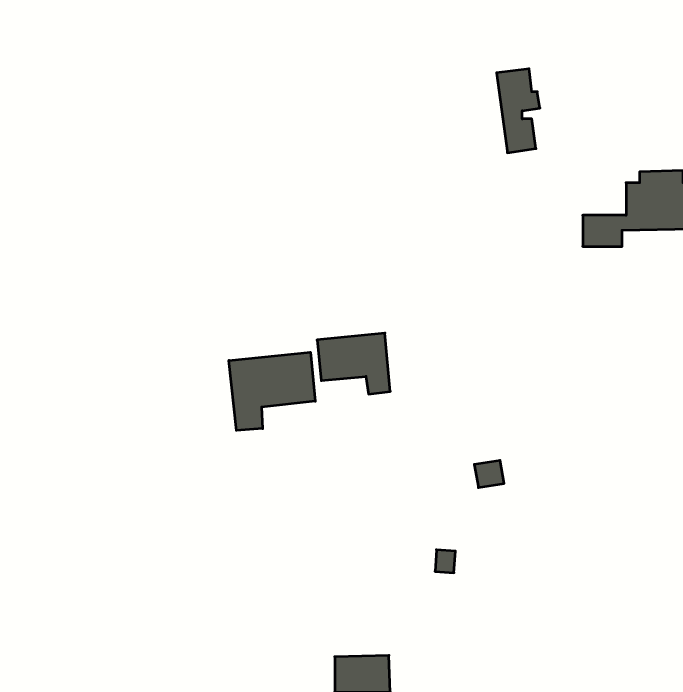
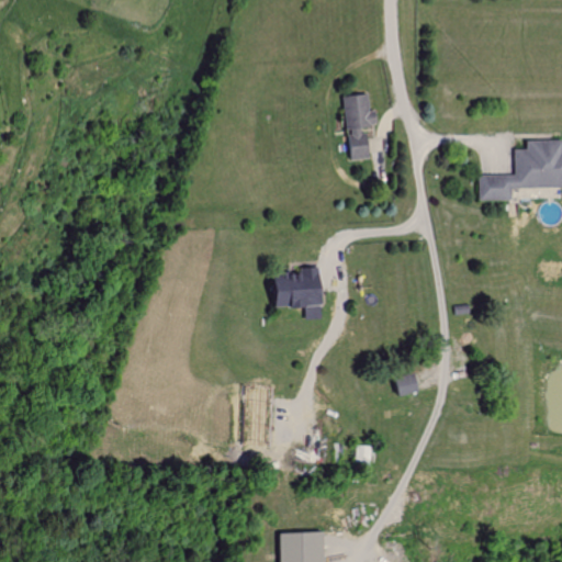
building: [497,69,540,153] -> [344,92,379,160]
building: [229,352,315,430] -> none

